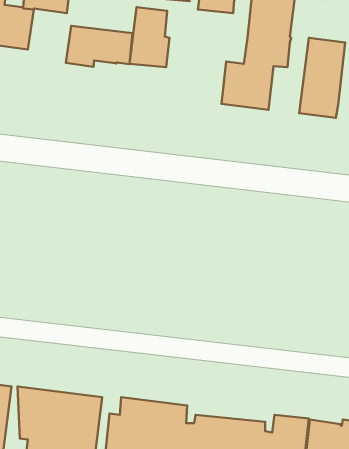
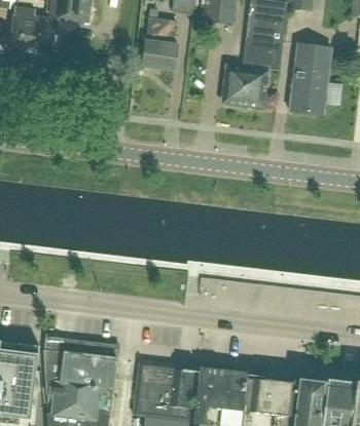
building: [66,26,133,67] -> none

